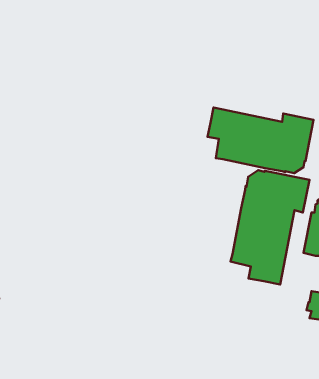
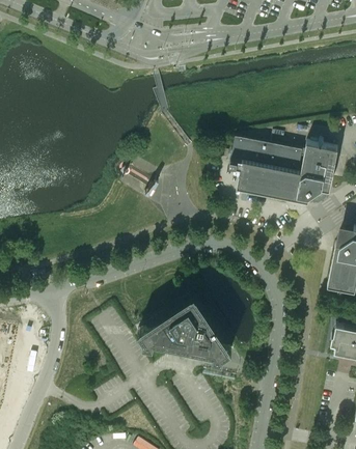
building: [231,170,309,285] -> none
building: none -> [138,297,232,364]

